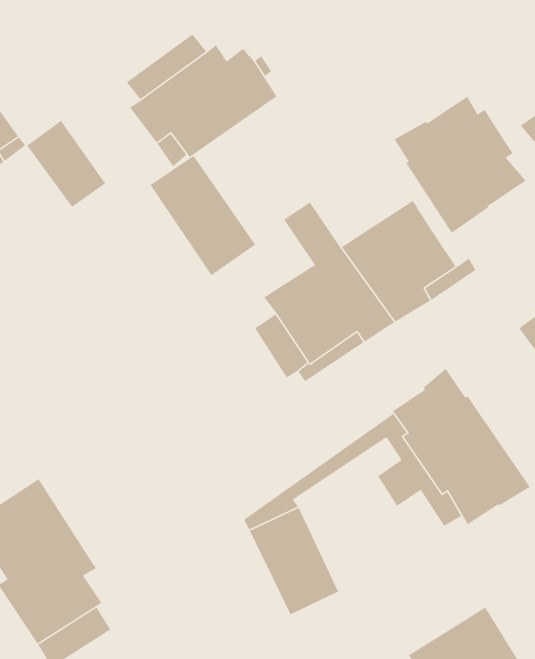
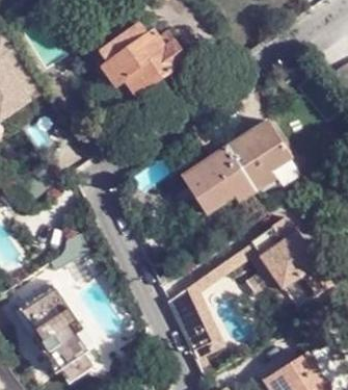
building: [393,95,526,234] -> none
building: [26,120,106,208] -> none
building: [150,155,256,276] -> none

